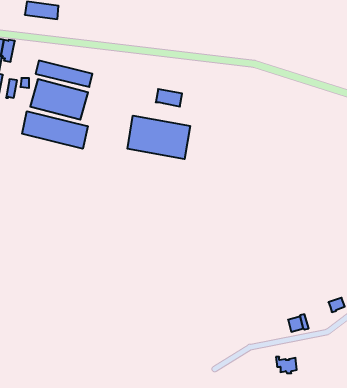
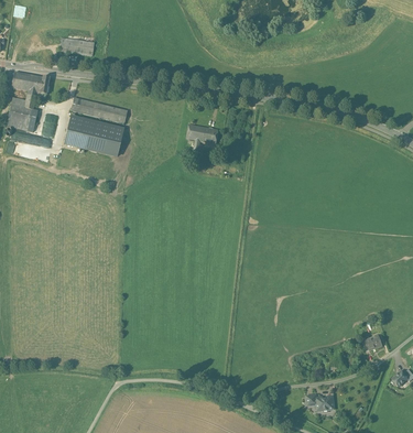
building: [22,111,88,149] -> none
building: [127,116,190,159] -> none

